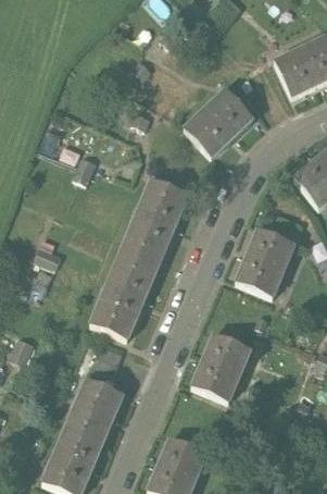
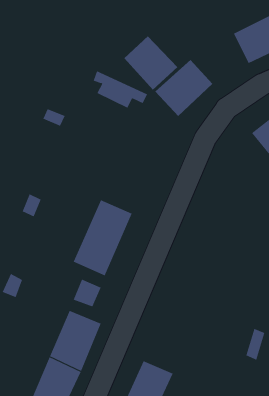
building: none -> [123,36,178,91]
building: [122,180,189,268] -> none
building: [236,229,293,295] -> none
building: [191,333,250,399] -> none

